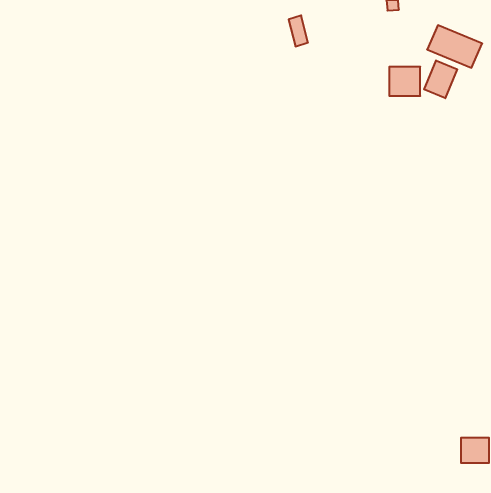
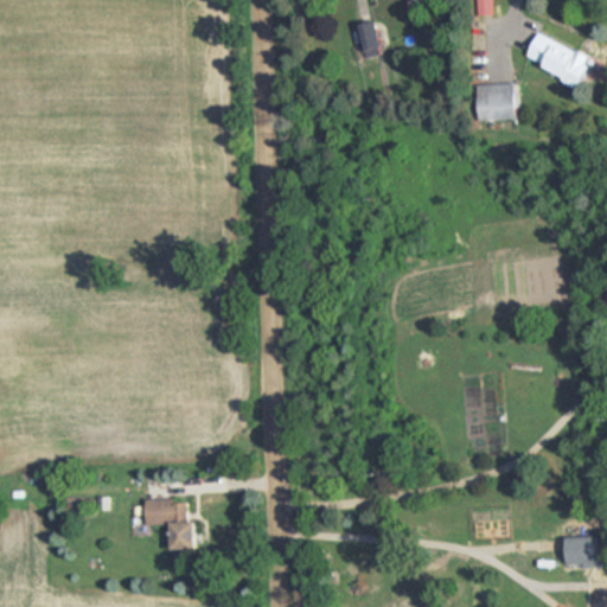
building: [424,60,457,98] -> none
building: none -> [142,499,193,550]

